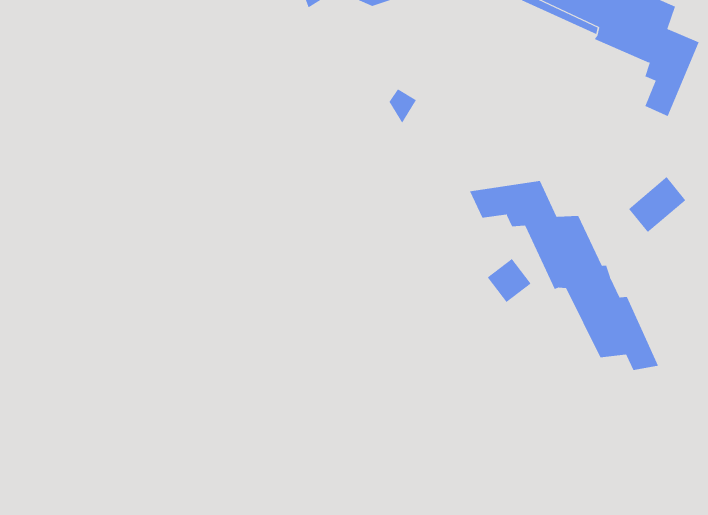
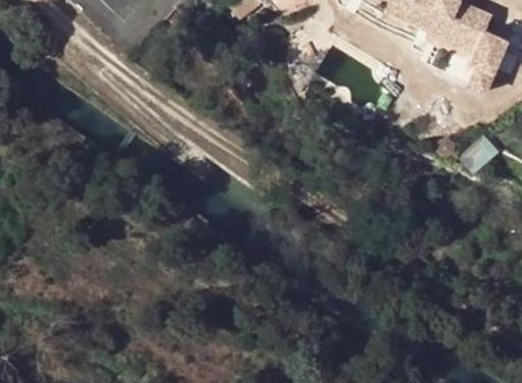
building: [469,180,659,371] -> none

